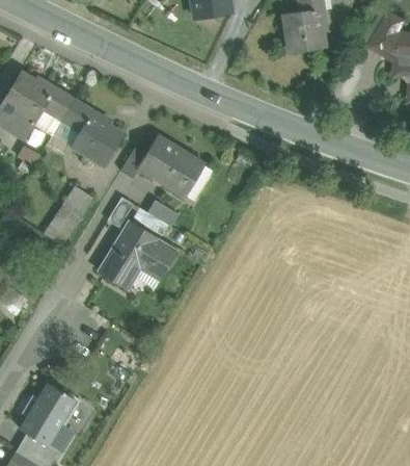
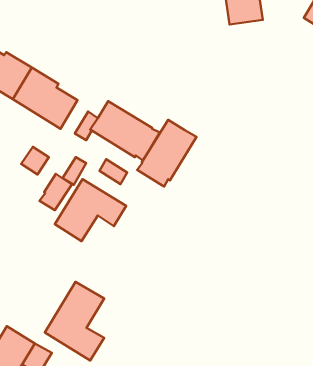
building: none -> [137,120,197,186]
building: [46,204,81,243] -> [39,174,72,210]
building: none -> [45,282,104,361]

